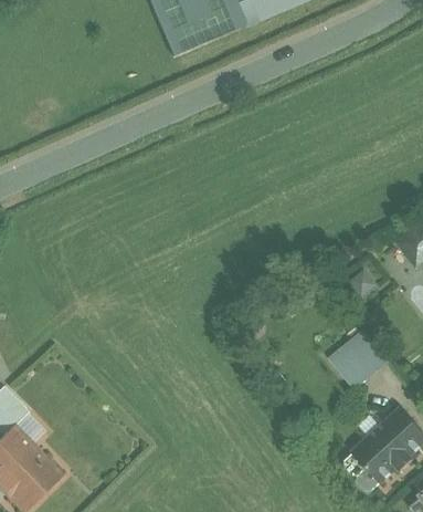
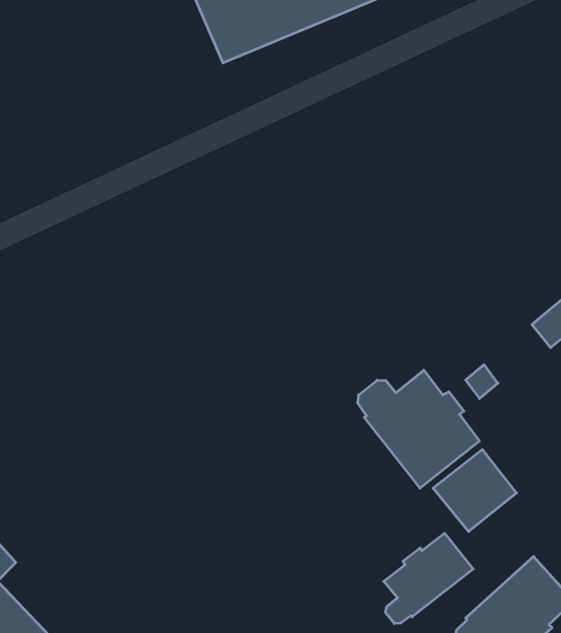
building: none -> [358,370,479,488]
building: none -> [384,533,473,624]

